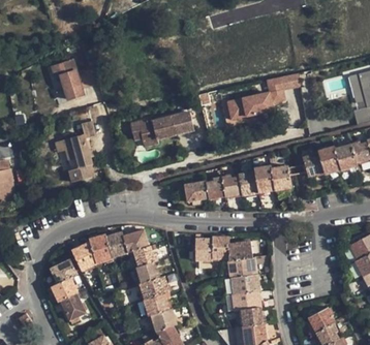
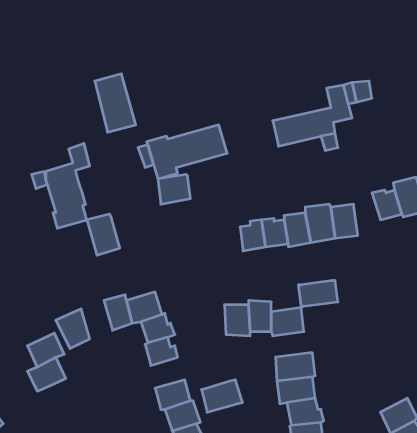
building: [55,59,85,101] -> [95,74,136,132]
building: [184,181,208,202] -> [158,174,190,204]
building: [89,233,113,263] -> [87,214,120,255]
building: [227,258,256,278] -> [298,281,338,308]
building: [140,276,169,300] -> [201,380,243,412]
building: [61,293,87,320] -> none

